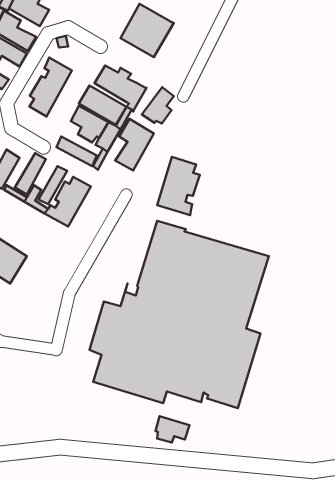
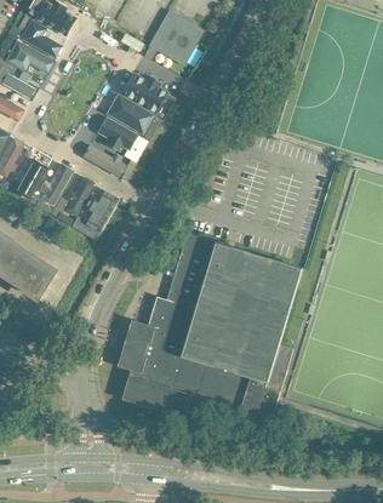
building: [29,58,72,116] -> none
building: [142,87,174,124] -> none
building: [115,119,154,170] -> none
building: [157,157,200,215] -> none
building: [155,416,189,443] -> none

